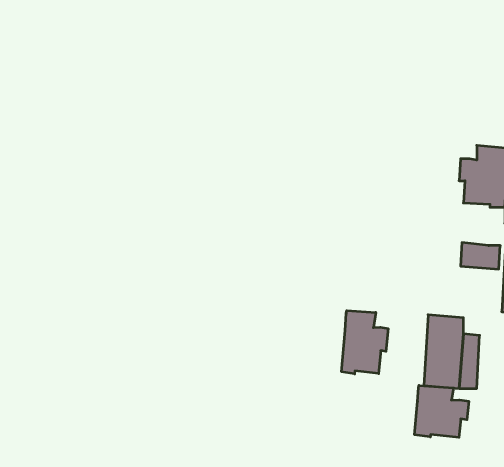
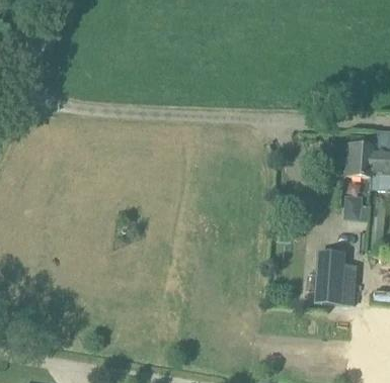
building: [342,311,388,374] -> none
building: [415,385,469,437] -> none

